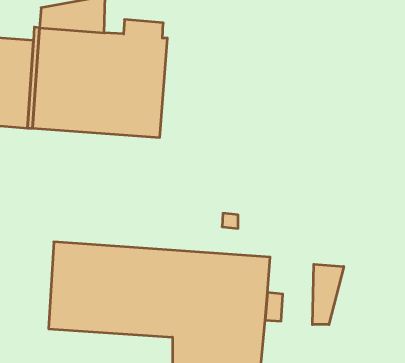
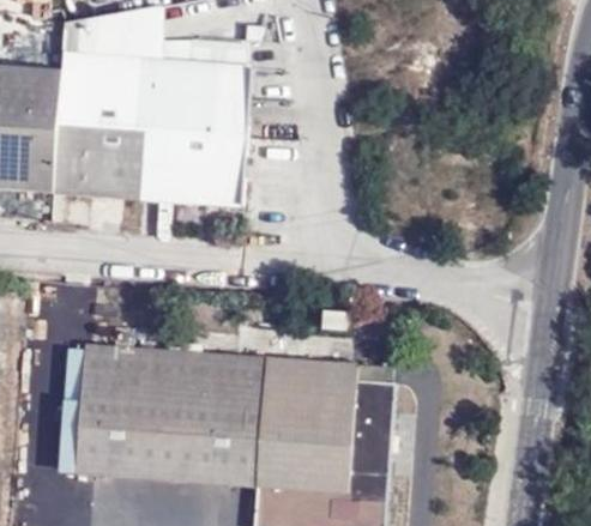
building: [312,264,344,325] -> none

